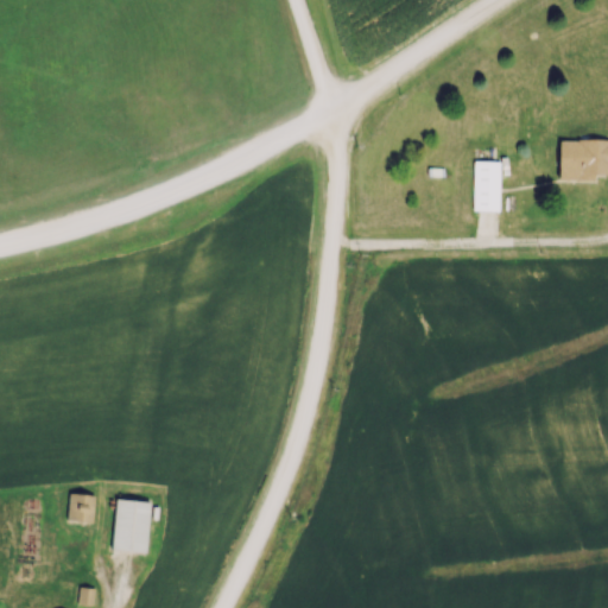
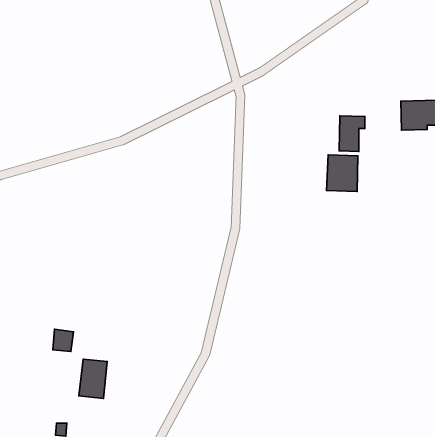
building: none -> [327,155,358,192]
building: [69,493,97,524] -> [53,329,73,352]

